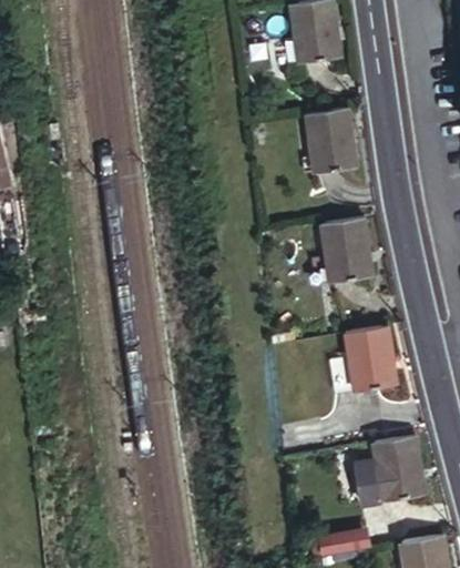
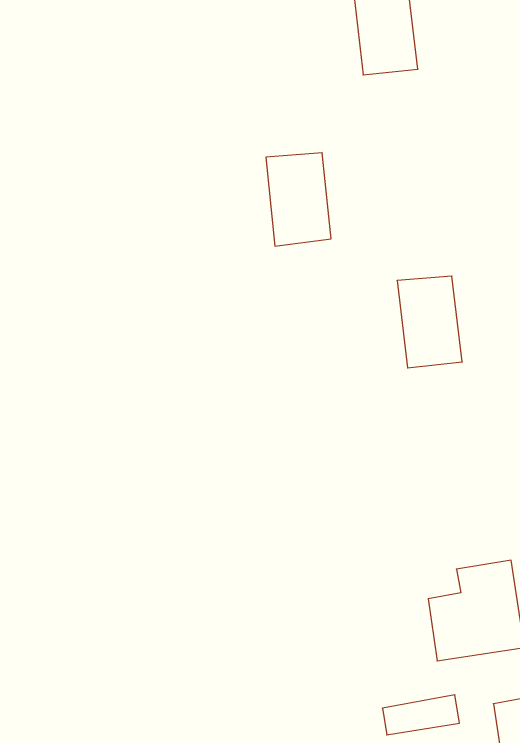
building: [307,108,356,178] -> [266,153,331,246]
building: [329,324,397,396] -> none

